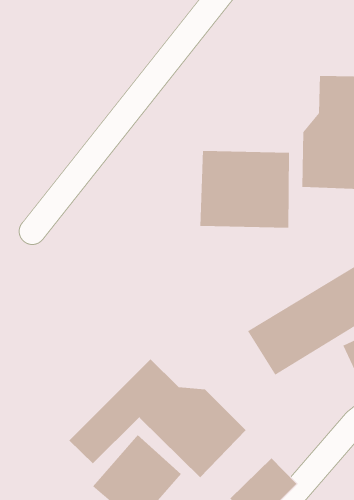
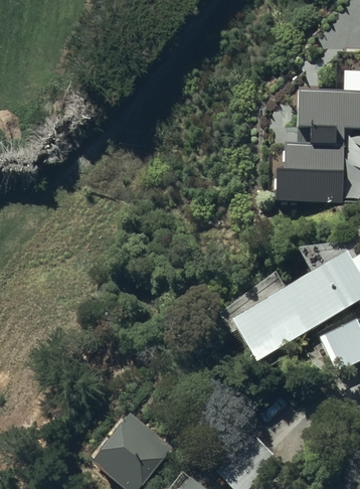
building: [200,150,289,229] -> none
building: [69,359,246,478] -> none

